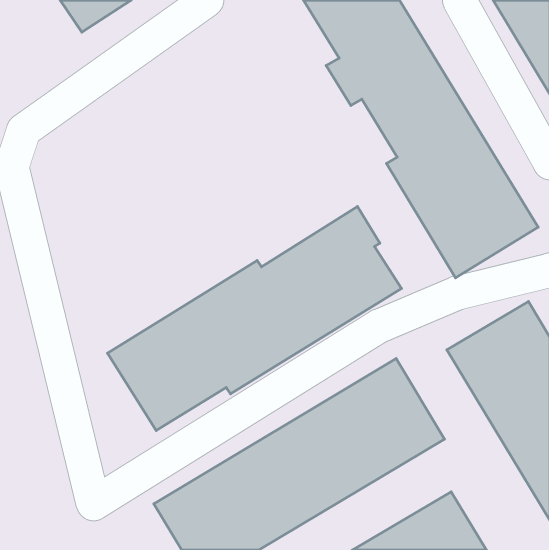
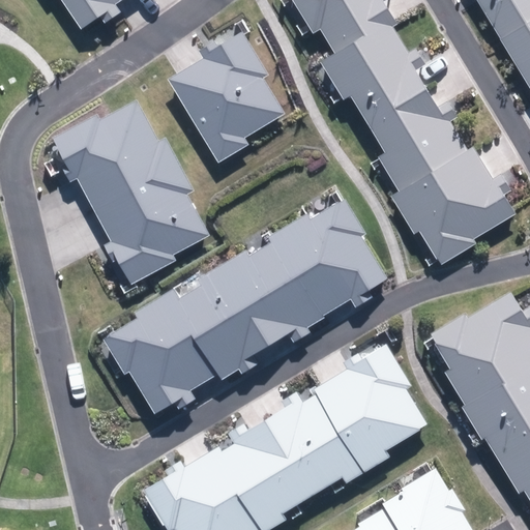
building: none -> [168,30,286,163]
building: none -> [51,100,211,287]

